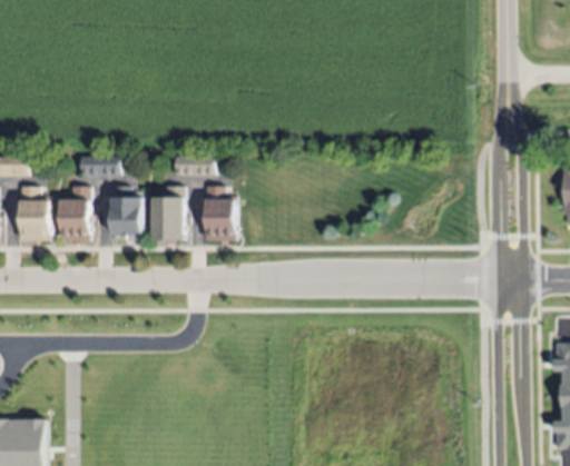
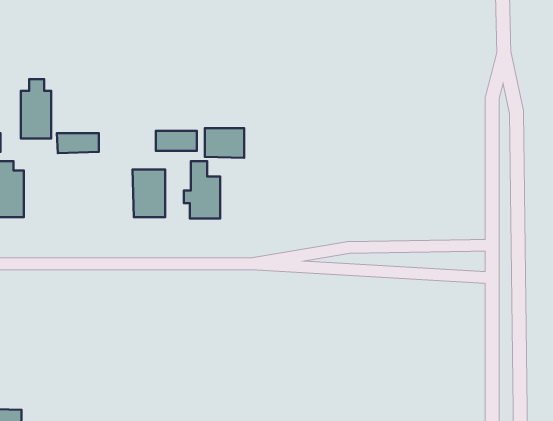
building: none -> [205,128,244,158]
building: [60,185,89,241] -> [21,79,51,139]
building: [111,192,141,239] -> none

